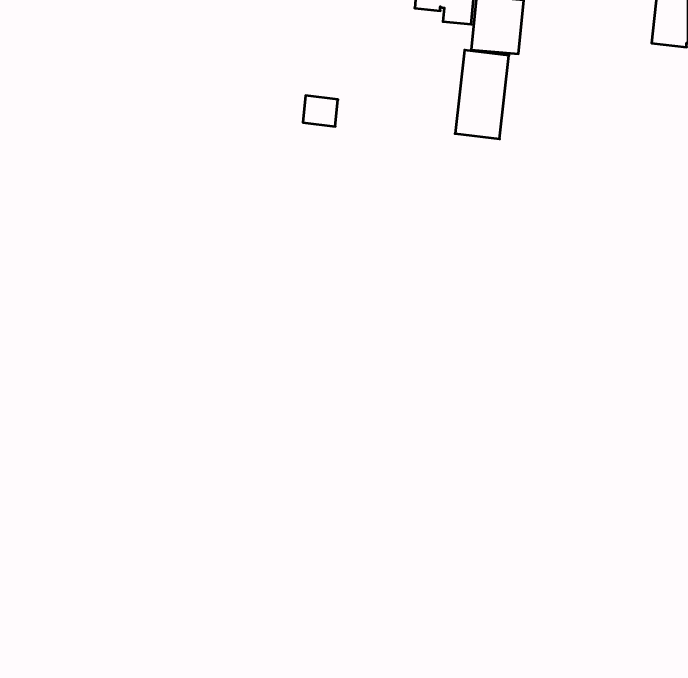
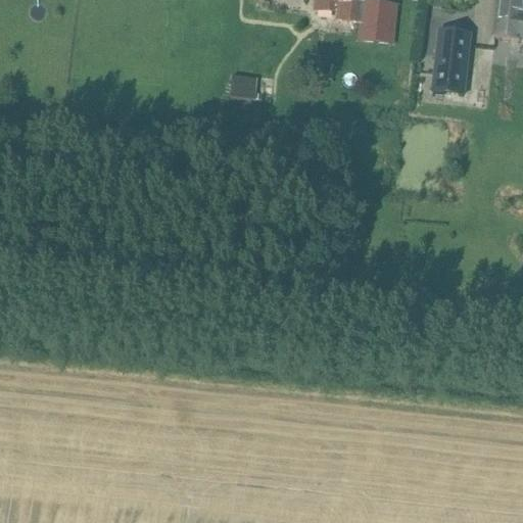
building: [455,50,509,139] -> [430,26,471,93]

